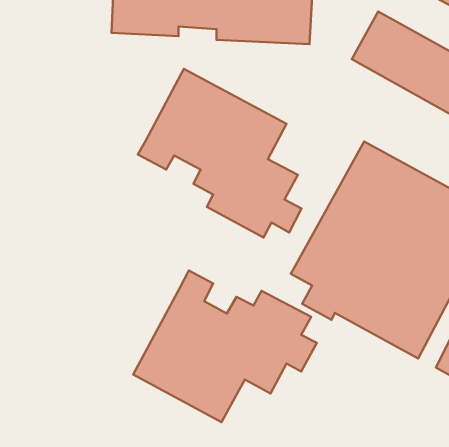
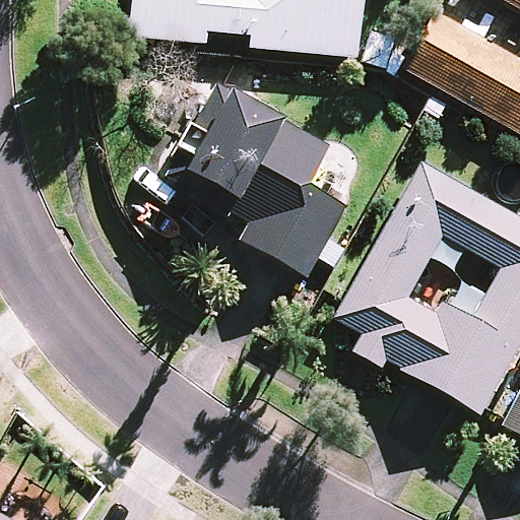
building: [133,270,317,422] -> none

